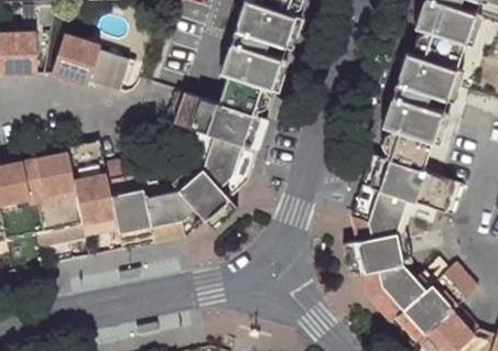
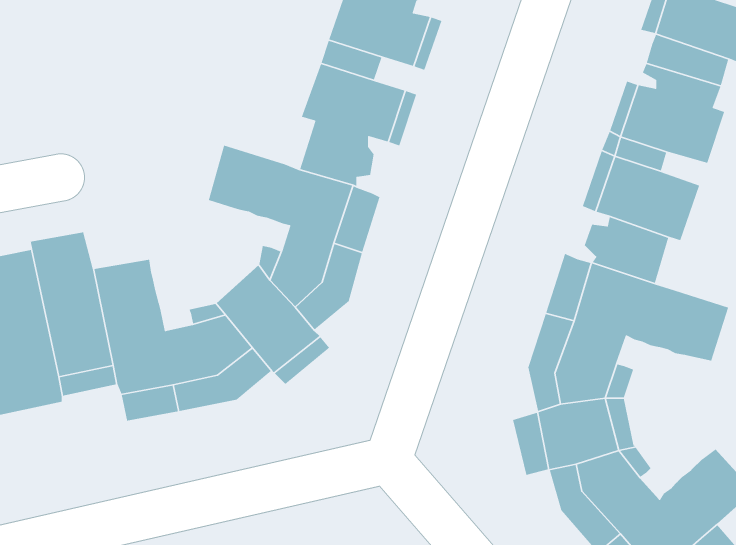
building: [55,34,130,91] -> none

